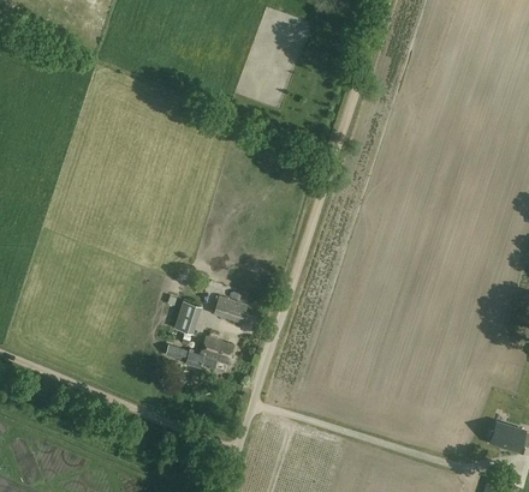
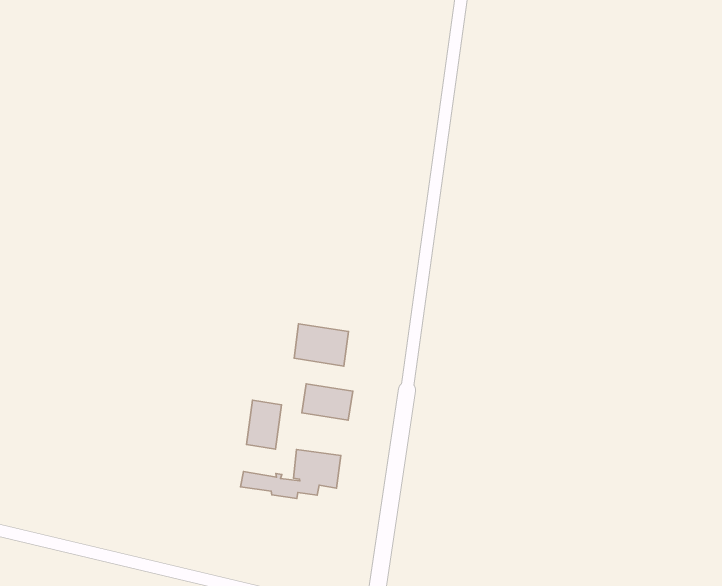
building: none -> [294,324,348,366]

